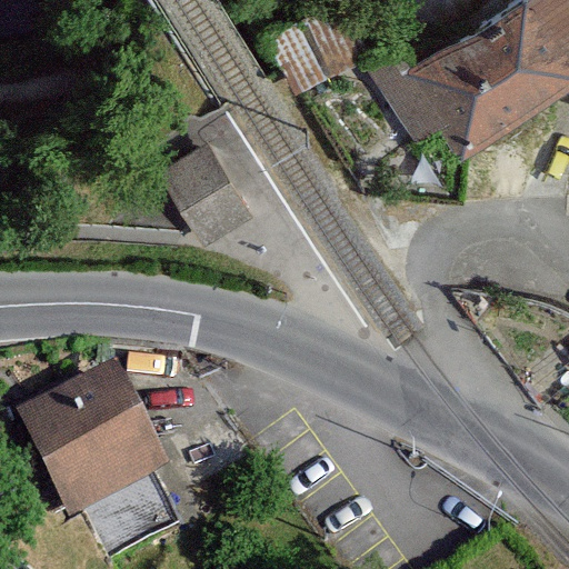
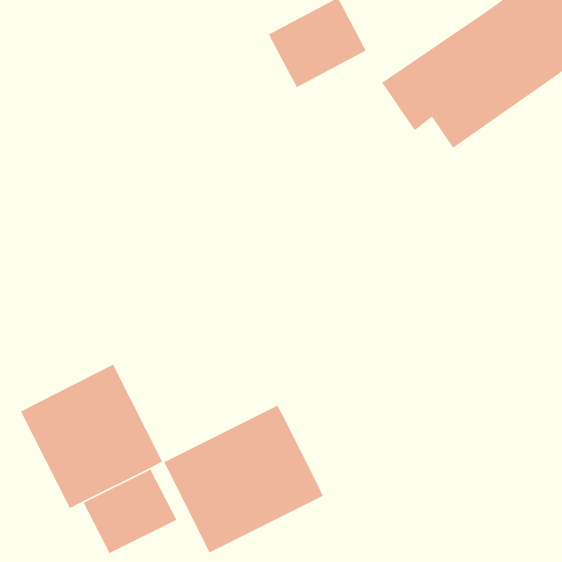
building: [163,144,253,243] -> none
building: none -> [163,404,324,554]

